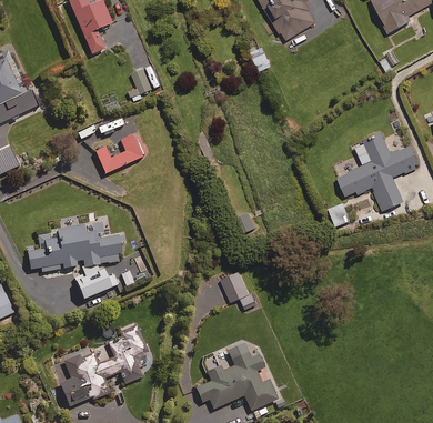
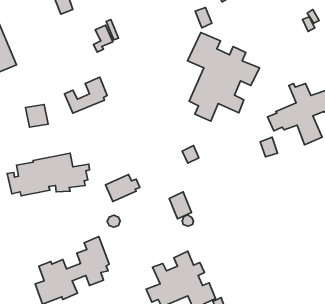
building: none -> [188,32,259,121]
building: none -> [25,105,48,127]
building: [75,270,117,302] -> [105,174,140,201]

